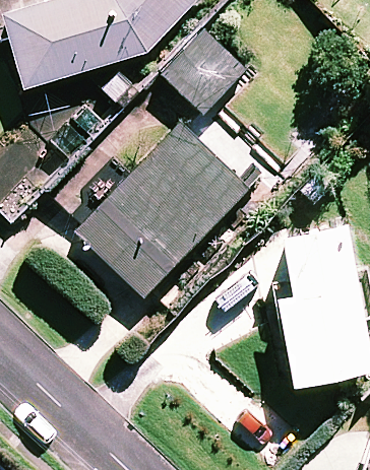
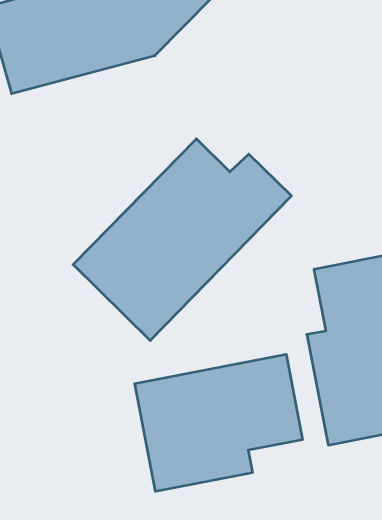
building: [161,28,246,114] -> none
building: none -> [135,354,302,491]

